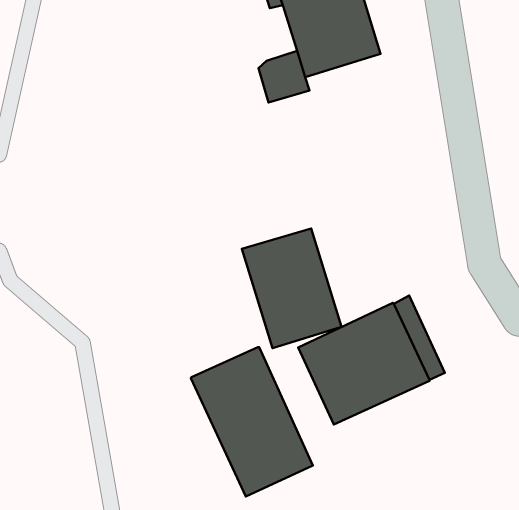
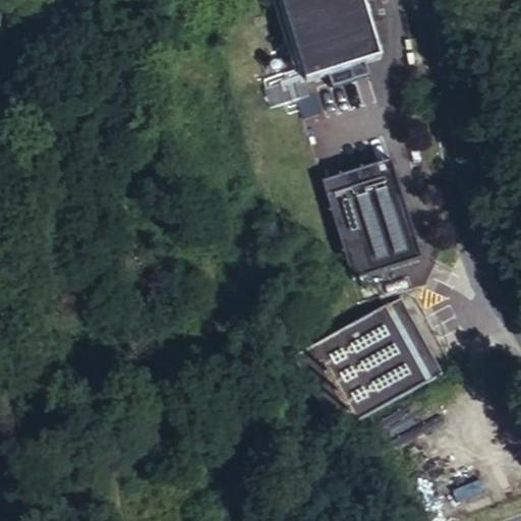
building: [242,228,342,348] -> [322,155,421,275]
building: [191,347,313,496] -> none

